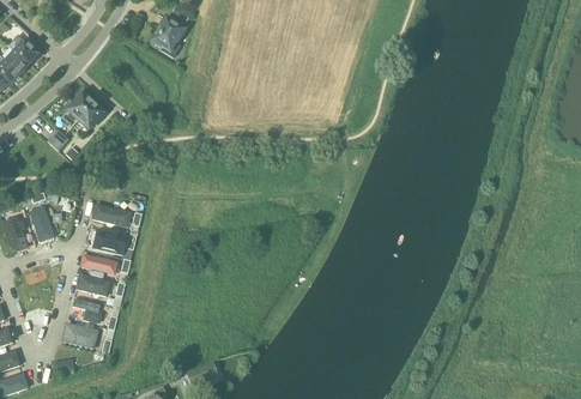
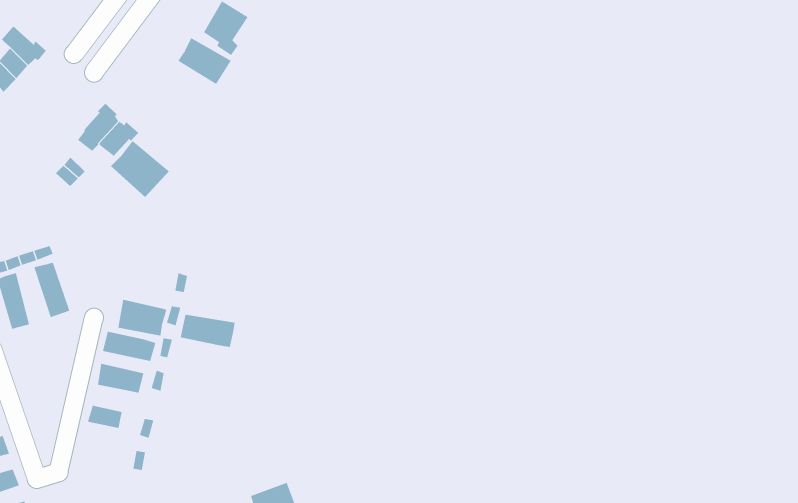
building: none -> [178,36,232,85]
building: none -> [110,138,170,198]
building: [92,205,132,229] -> [180,314,235,348]
building: [62,322,101,352] -> none

